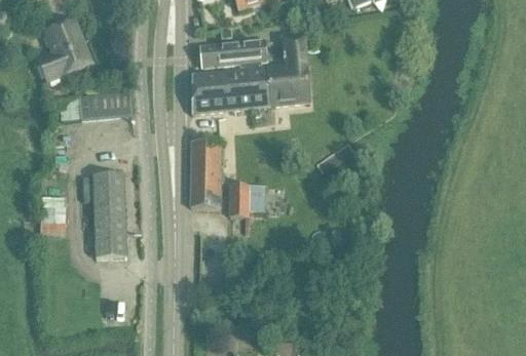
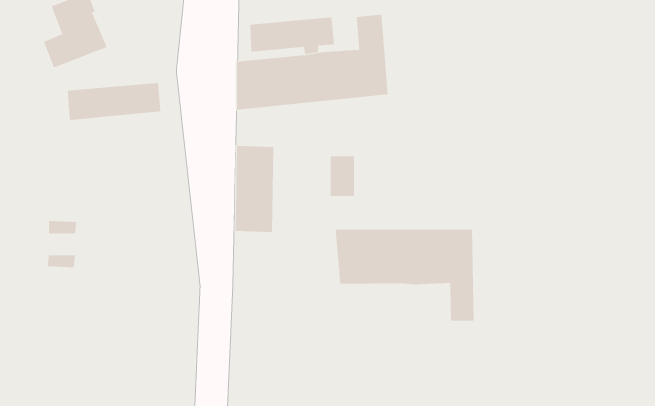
building: [91,173,125,259] -> none
building: [230,186,250,217] -> [330,156,355,197]
building: none -> [335,229,474,321]

